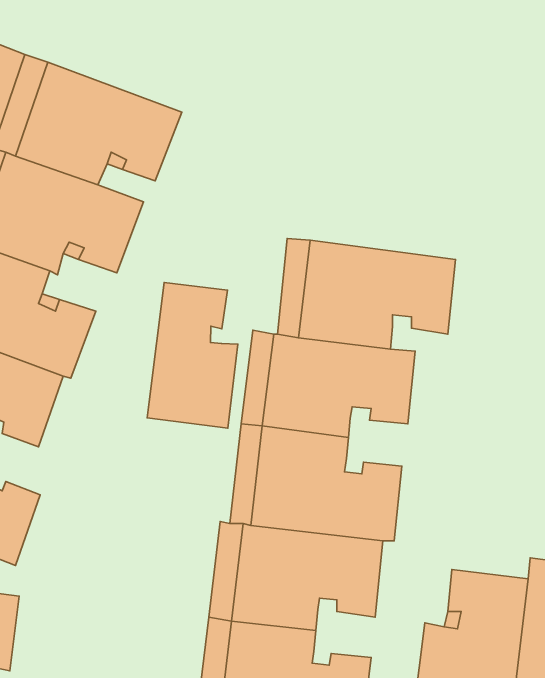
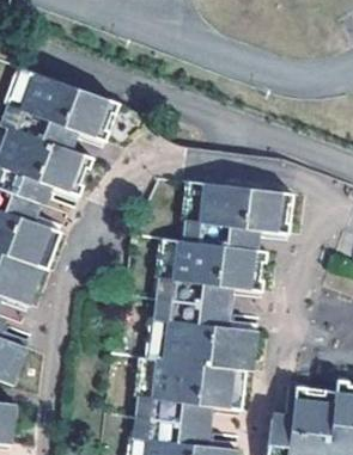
building: [147,283,238,428] -> none

